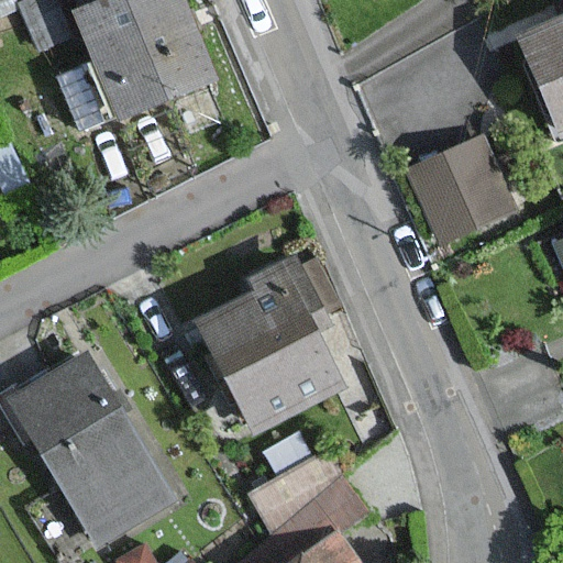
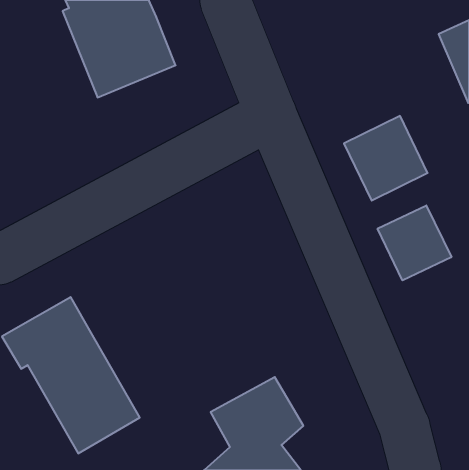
building: none -> [378,205,451,280]
building: [201,261,340,429] -> none

